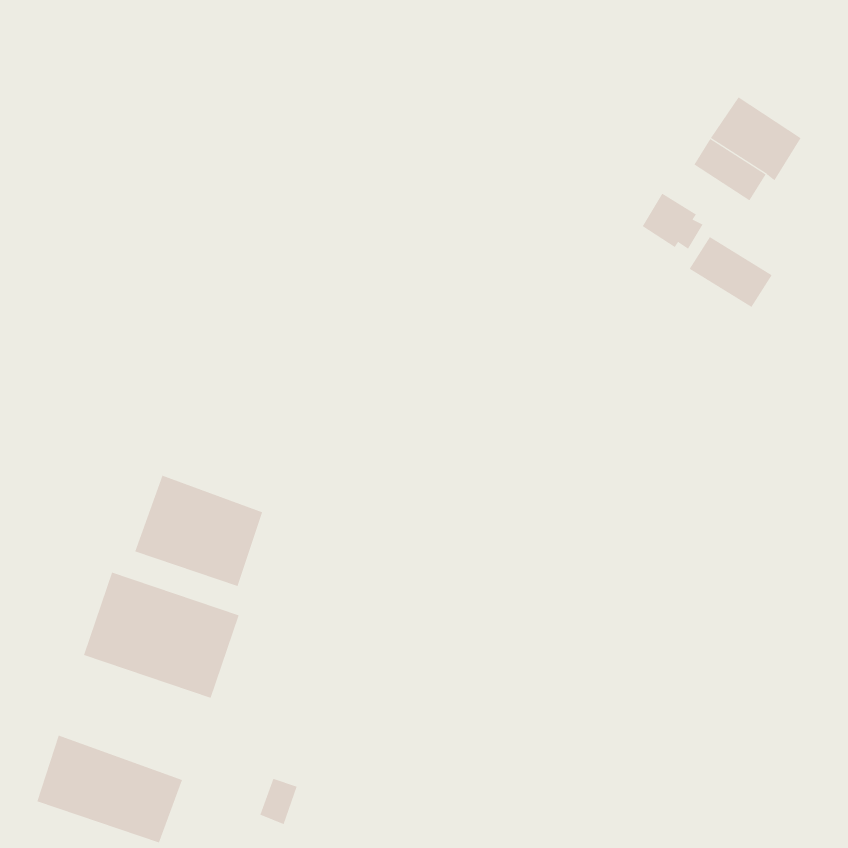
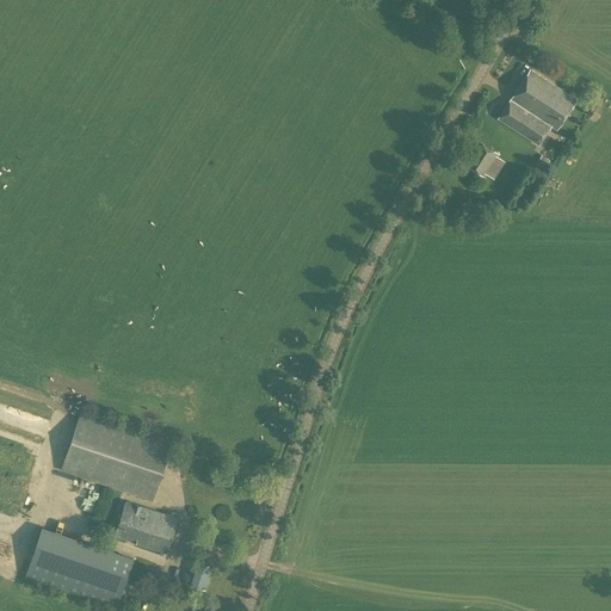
building: [689,236,772,308] -> none
building: [134,475,263,587] -> none
building: none -> [115,502,179,555]

